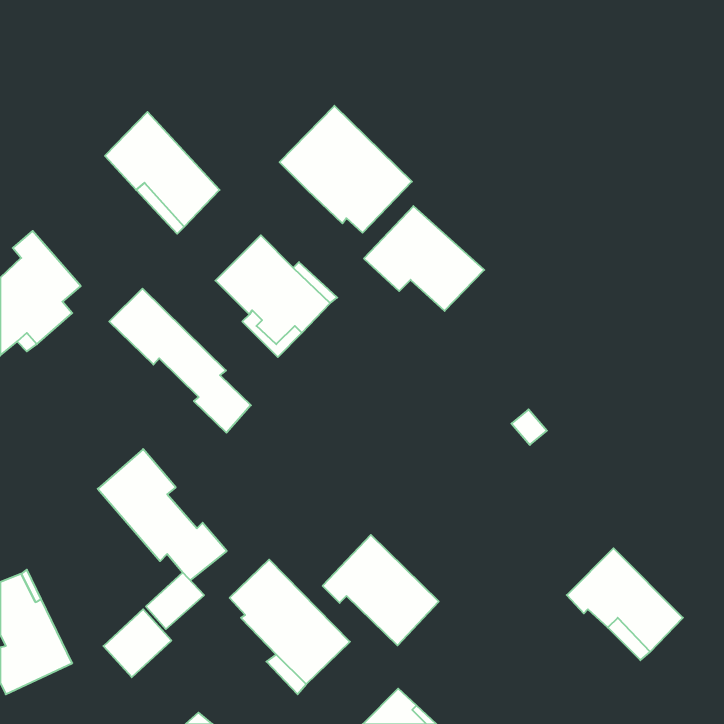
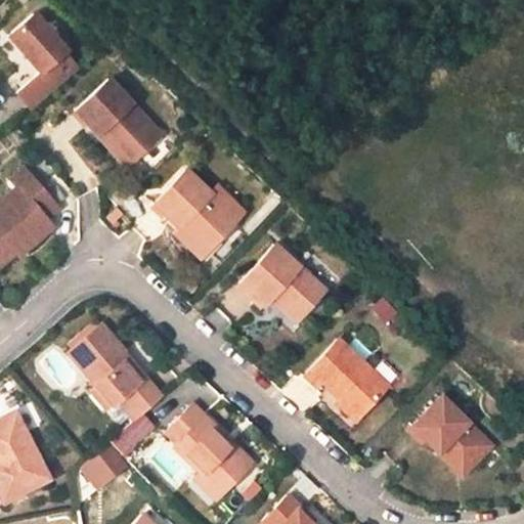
building: none -> [6,13,76,108]
building: [280,106,412,233] -> none
building: [364,206,484,311] -> [241,245,328,320]
building: [109,289,251,433] -> none
building: [323,535,439,645] -> [305,339,389,419]

